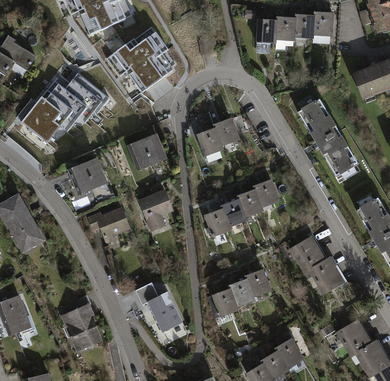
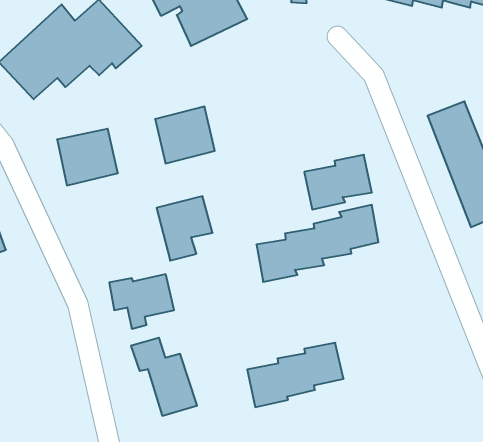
building: [195,115,240,155] -> [304,155,372,210]
building: [86,205,130,243] -> [109,274,174,329]
building: [288,234,346,294] -> none
building: [60,302,103,351] -> none

